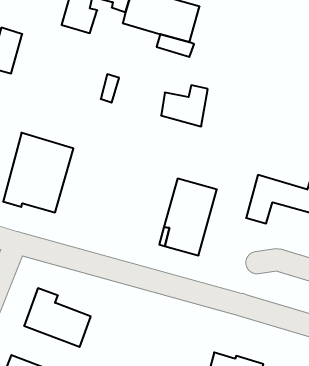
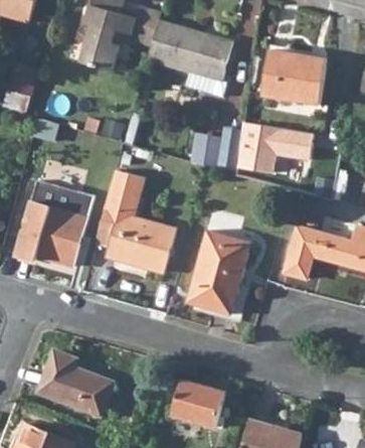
building: none -> [261,49,327,104]
building: none -> [237,124,314,173]
building: none -> [95,169,174,272]
building: none -> [171,379,224,426]

